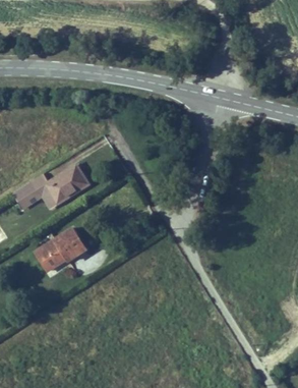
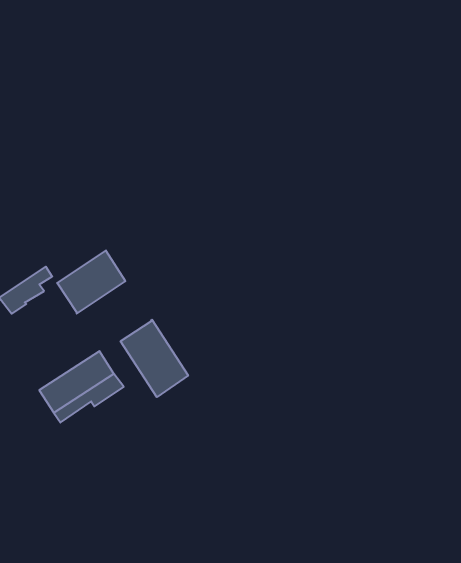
building: [14,183,55,211] -> none
building: none -> [121,320,188,397]

